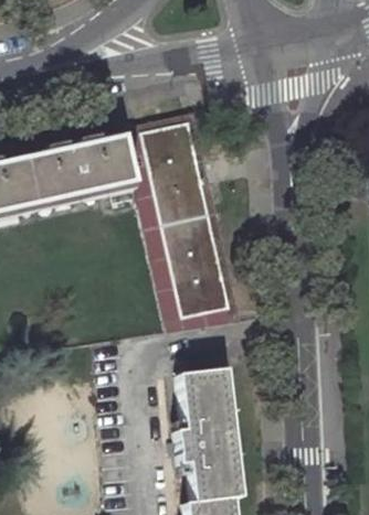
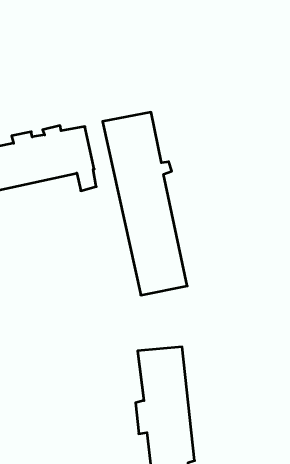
building: [122,131,233,333] -> none

